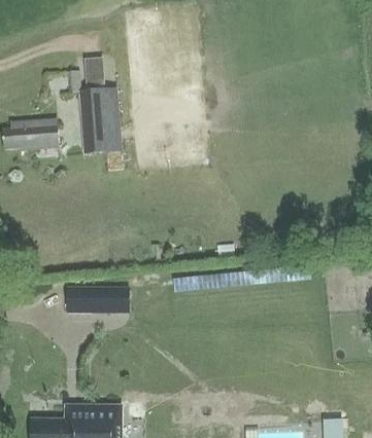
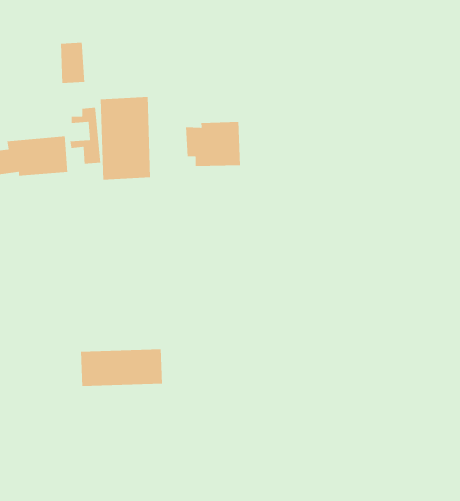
building: [86,54,105,87] -> [60,42,85,84]
building: none -> [185,121,241,167]

